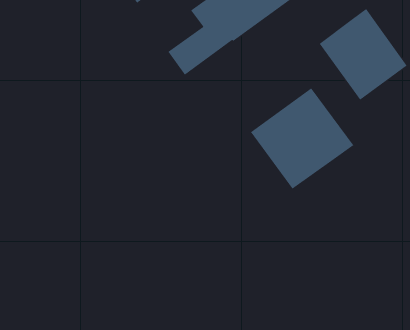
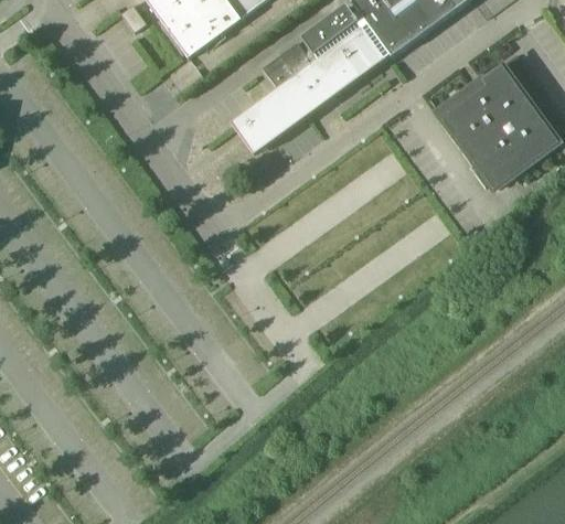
building: [250,87,354,190] -> none

